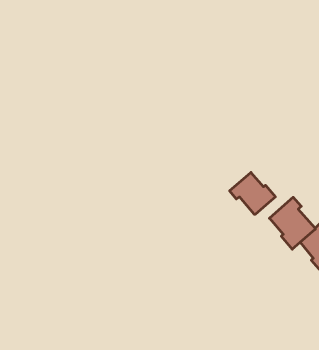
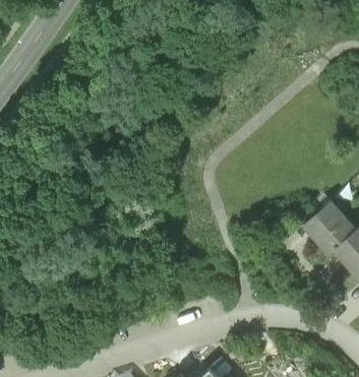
building: [230,172,275,214] -> none

